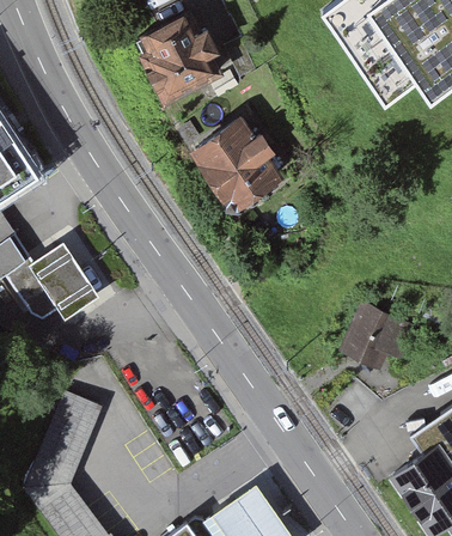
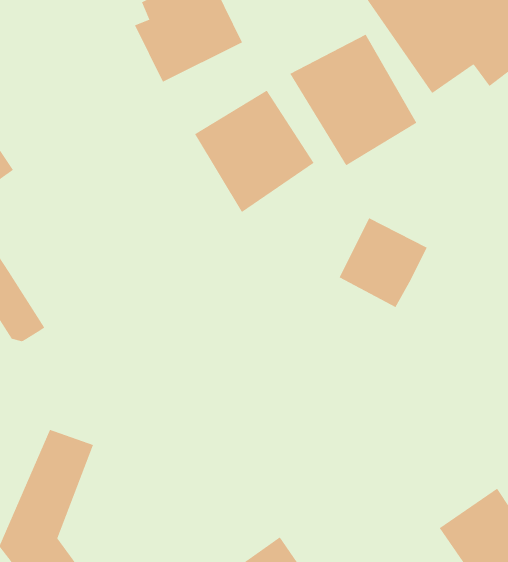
building: none -> [290,34,417,166]
building: [32,239,102,318] -> none
building: [337,304,411,379] -> [339,217,427,308]

